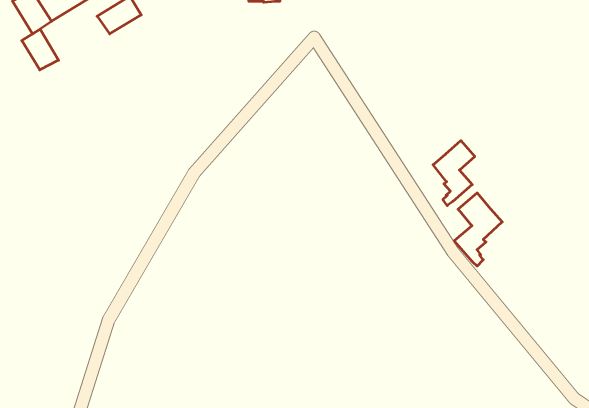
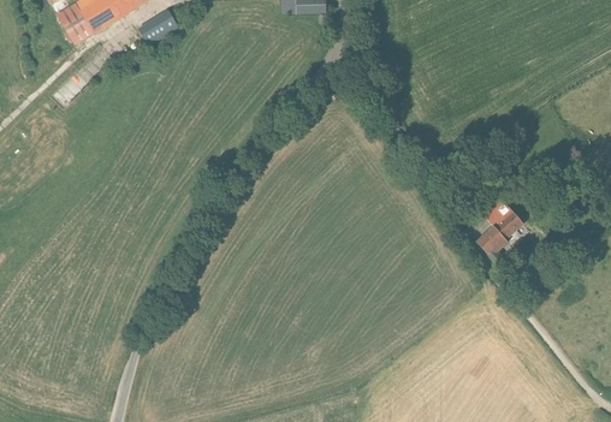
building: [22,29,59,70] -> none
building: [433,141,475,206] -> none

